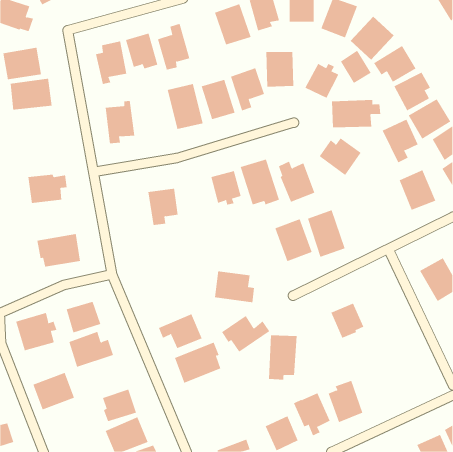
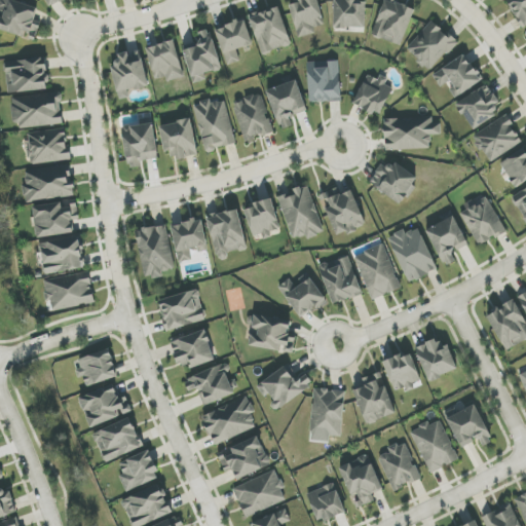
building: none -> [215,16,252,64]
building: [340,50,371,84] -> none
building: none -> [159,118,196,157]
building: none -> [27,126,69,163]
building: [382,119,418,163] -> [425,214,467,265]
building: none -> [23,163,74,200]
building: none -> [205,206,247,259]
building: none -> [136,224,173,277]
building: none -> [388,226,437,280]
building: none -> [39,236,83,272]
building: none -> [277,273,326,316]
building: none -> [156,287,205,330]
building: none -> [170,329,215,367]
building: none -> [414,336,457,380]
building: [15,312,57,351] -> none
building: none -> [353,371,394,422]
building: none -> [444,402,493,445]
building: none -> [410,418,458,472]
building: [32,372,75,410] -> [92,416,142,460]
building: none -> [219,436,271,478]
building: none -> [232,468,286,516]

